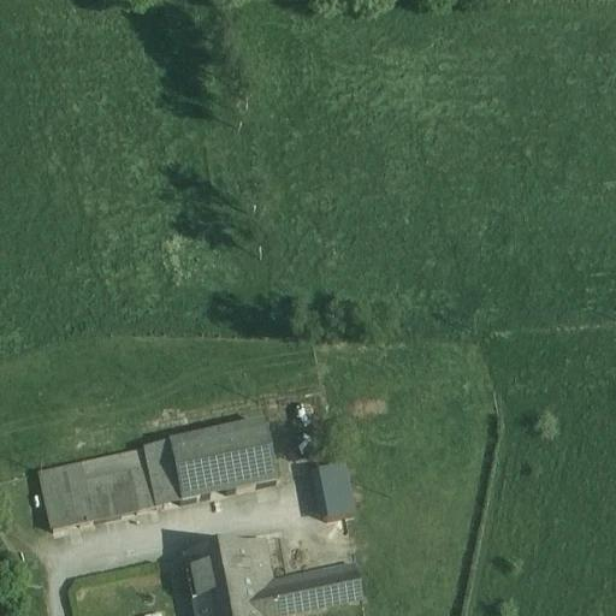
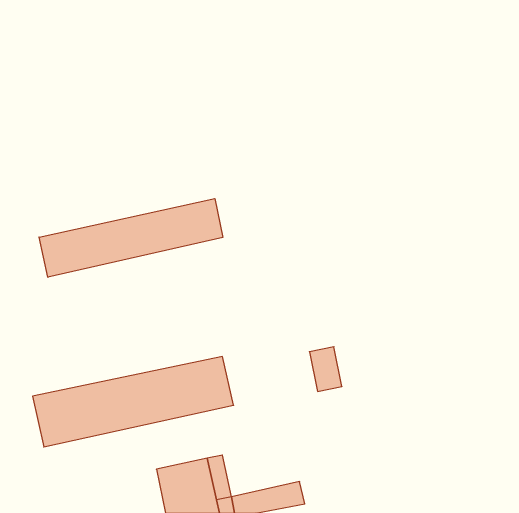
building: none -> [39,199,223,277]
building: [316,463,355,516] -> [309,347,342,391]

